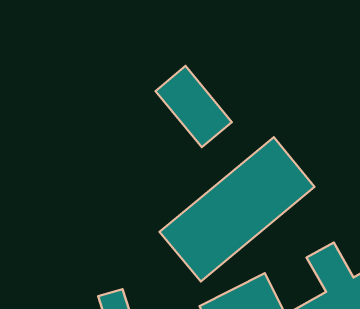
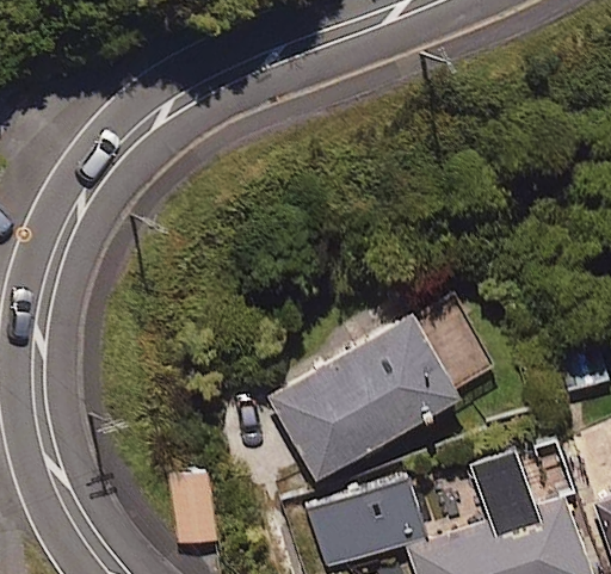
building: [155,66,232,147] -> none

